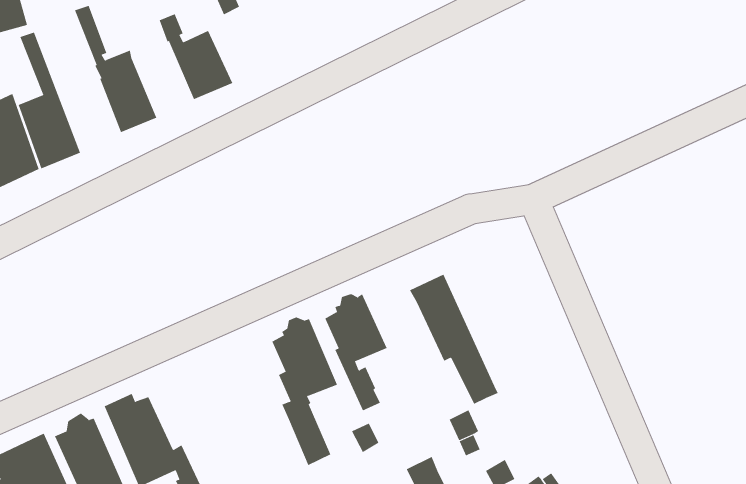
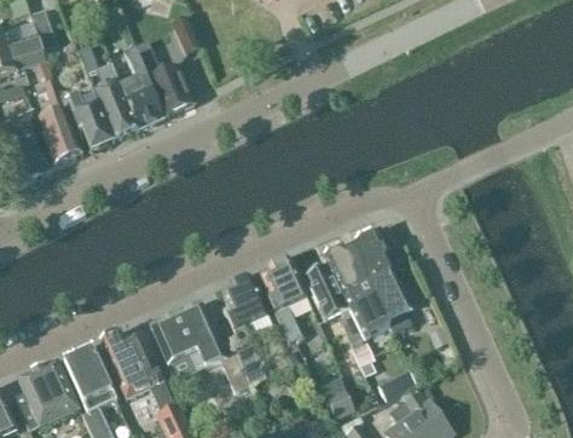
building: none -> [121,57,163,128]
building: none -> [62,83,112,149]
building: none -> [348,230,413,333]
building: none -> [303,263,364,342]
building: none -> [151,302,249,390]

